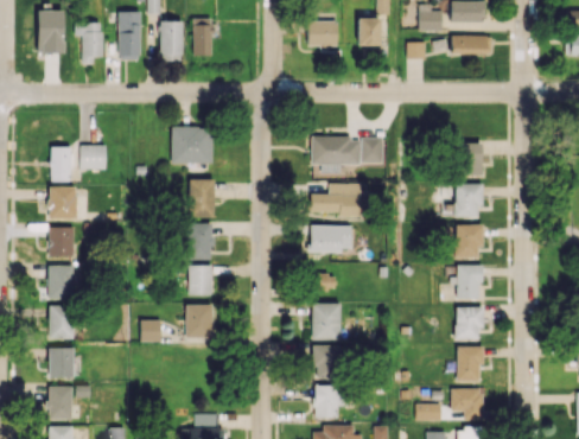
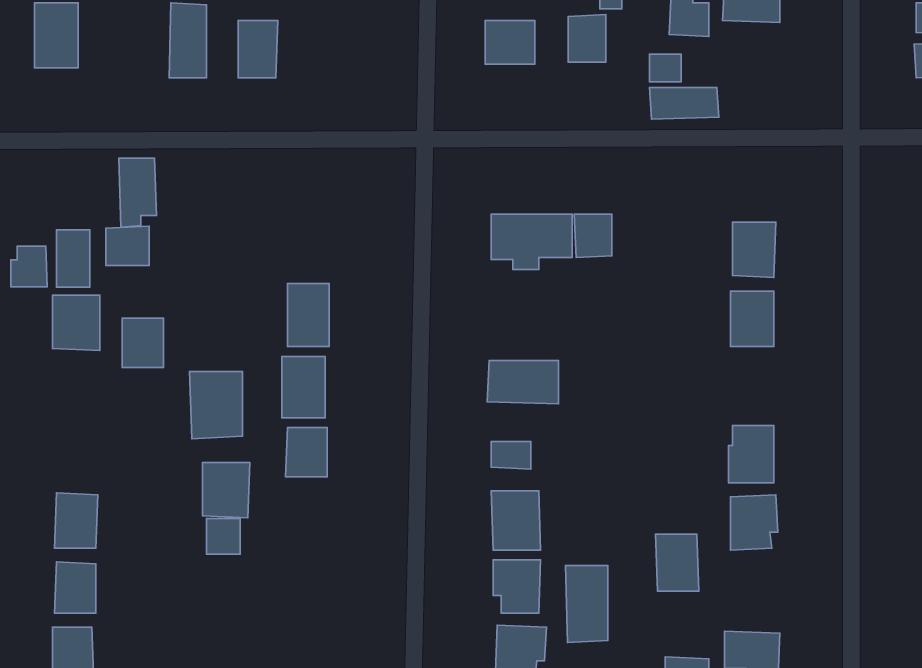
building: [195,19,212,56] -> none
building: [82,23,104,64] -> [119,158,157,227]
building: [451,36,492,55] -> [650,87,719,119]
building: [172,127,214,164] -> none
building: none -> [11,246,47,287]
building: [312,183,362,214] -> none
building: [456,224,484,257] -> none
building: [50,227,75,256] -> [122,318,164,367]
building: none -> [189,372,242,439]
building: [49,265,75,299] -> none
building: [186,305,215,338] -> [202,463,250,518]
building: [457,346,483,381] -> [655,534,699,591]
building: none -> [566,566,608,643]

